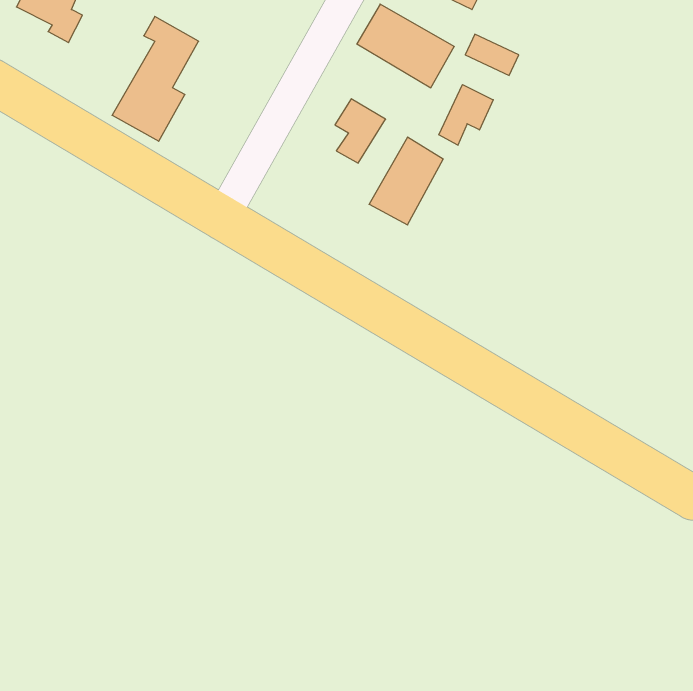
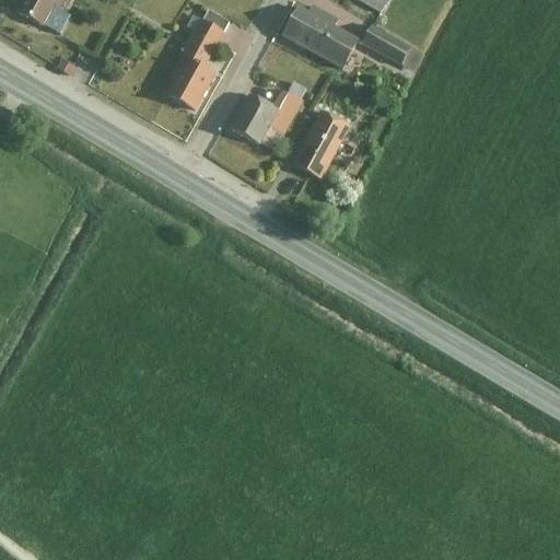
building: [112,16,199,141] -> [159,9,228,108]
building: [439,85,493,145] -> none
building: none -> [231,94,278,144]

